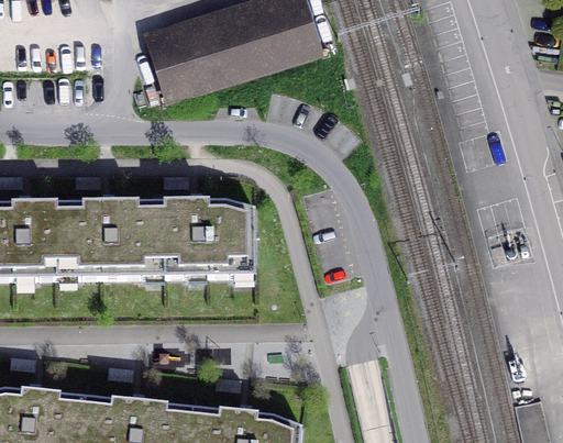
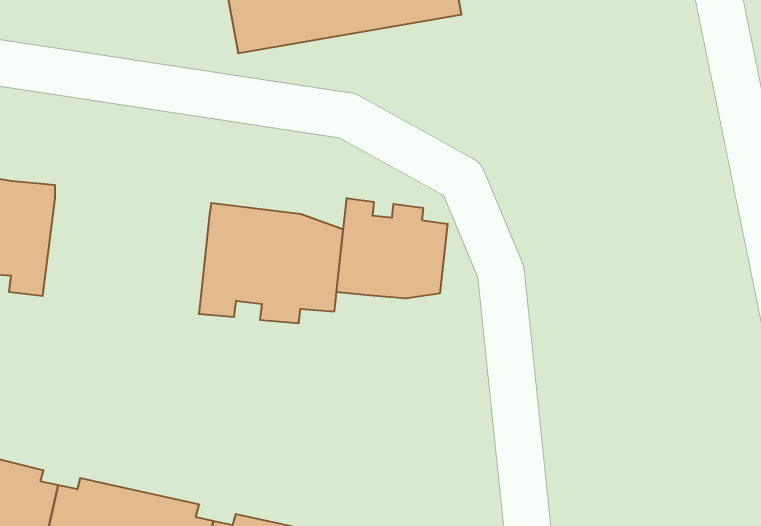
building: none -> [337,198,448,299]
building: [54,202,161,278] -> none

